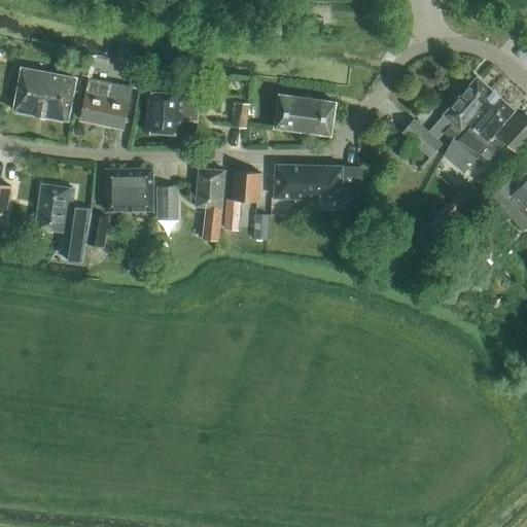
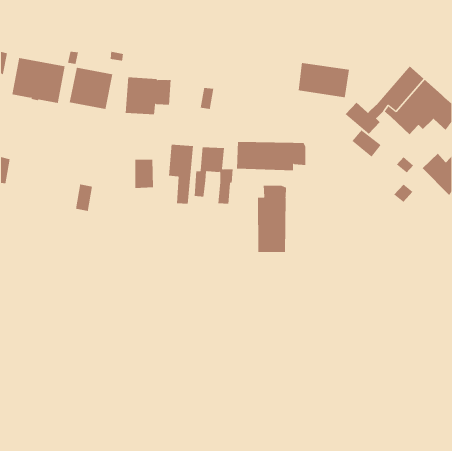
building: [275,95,336,136] -> [298,62,350,98]
building: [445,144,480,177] -> [351,129,381,158]
building: [106,169,153,212] -> none
building: [36,184,89,262] -> none
building: none -> [257,185,286,253]

